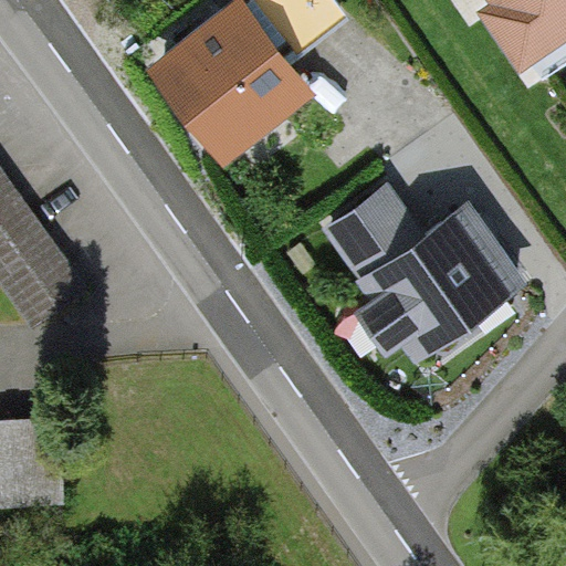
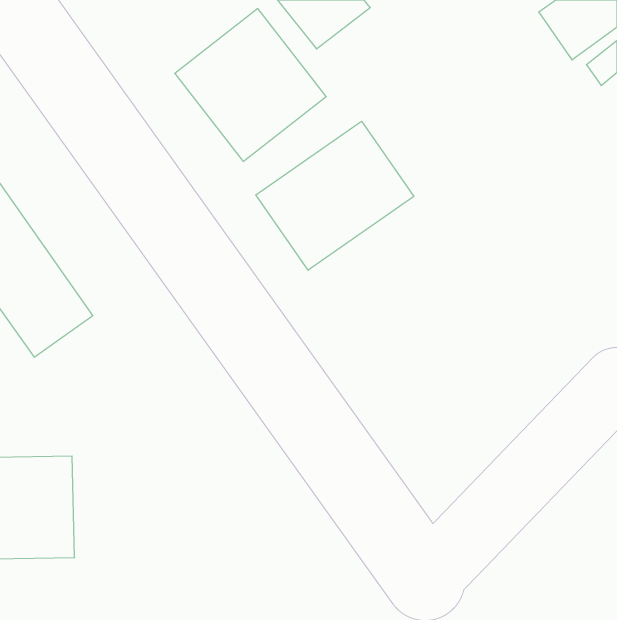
building: none -> [256,121,414,270]
building: [324,190,509,350] -> none

